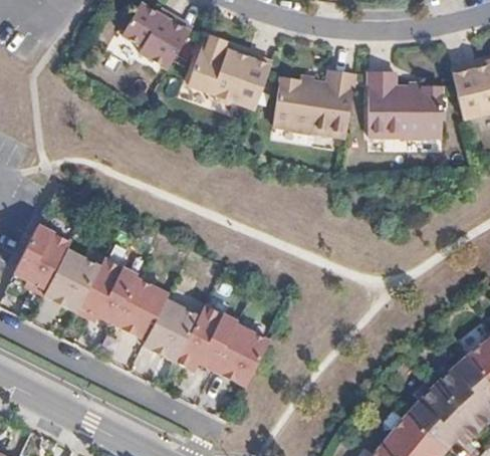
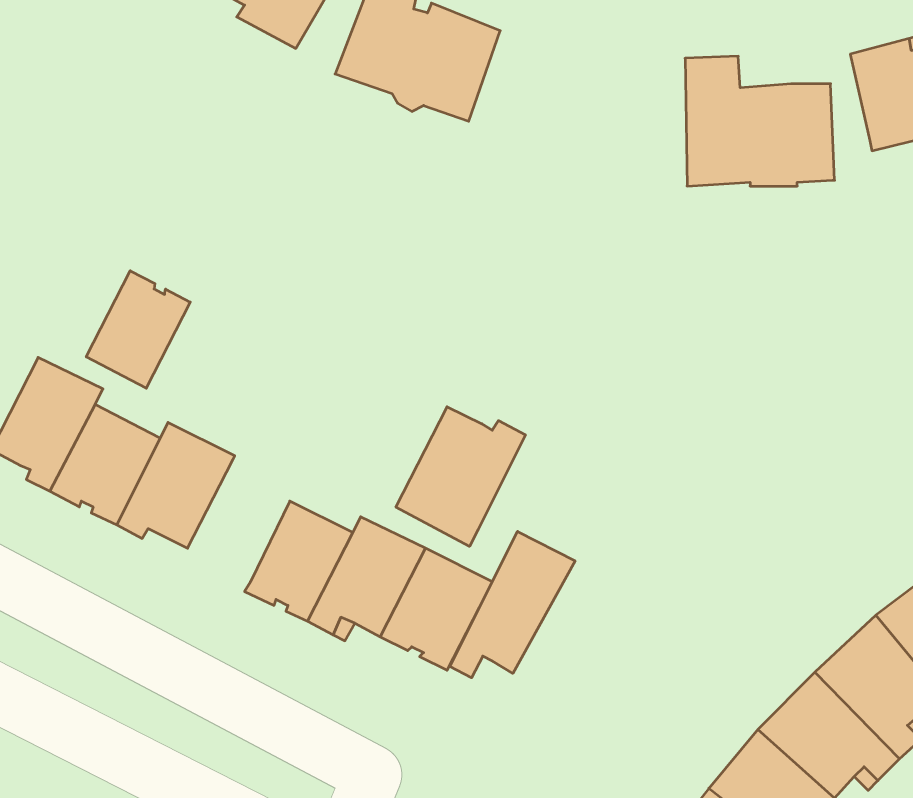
building: [272,68,354,137] -> none
building: none -> [86,271,190,388]
building: none -> [396,407,525,546]
building: [113,278,169,340] -> none
building: none -> [450,531,575,678]

